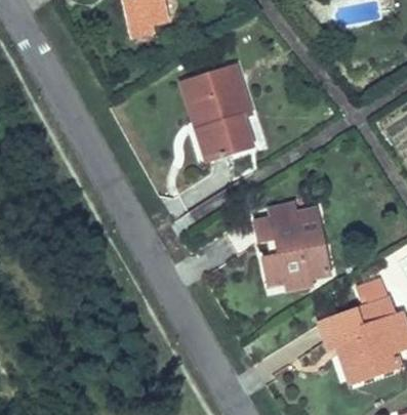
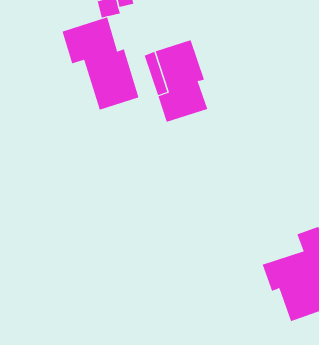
building: none -> [62,17,139,111]
building: [256,199,330,285] -> none

